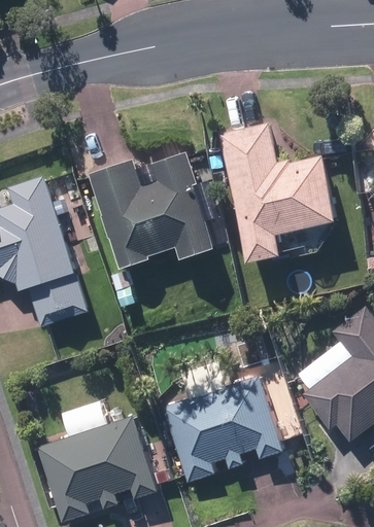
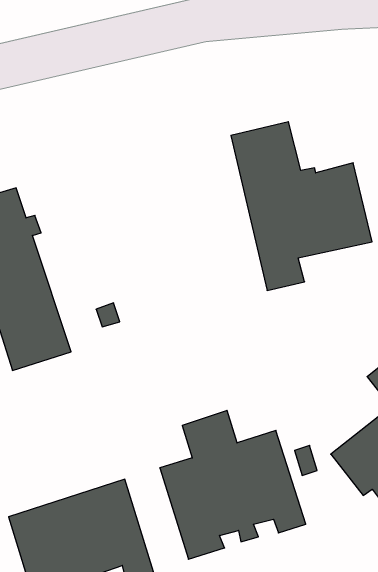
building: [89,151,215,268] -> none

